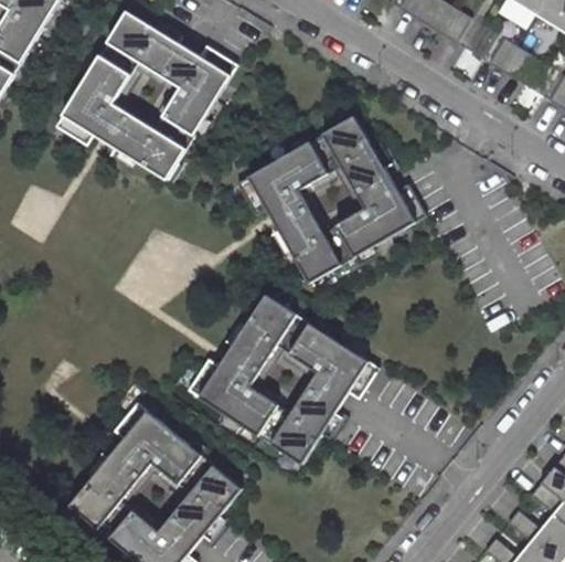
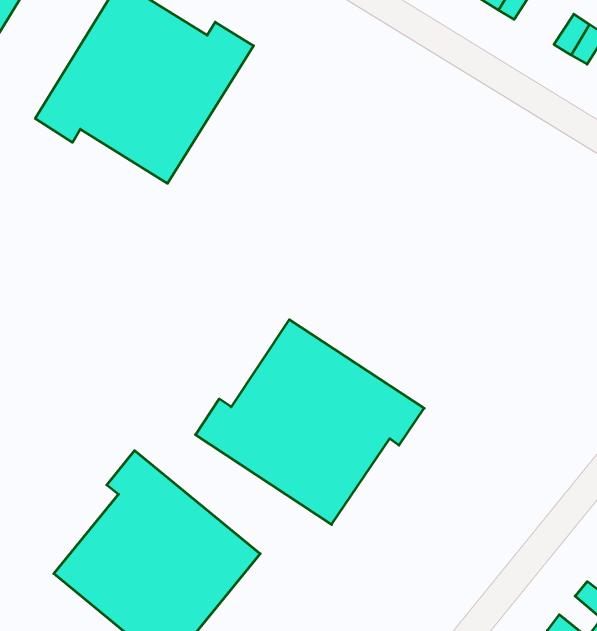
building: [235,114,424,282] -> none

